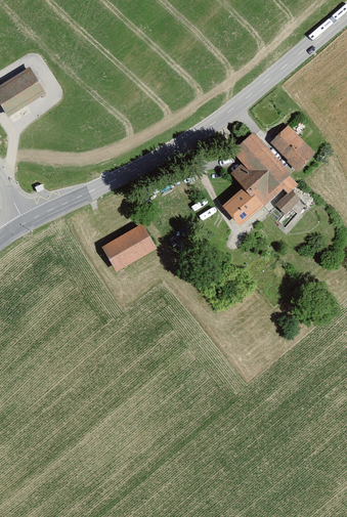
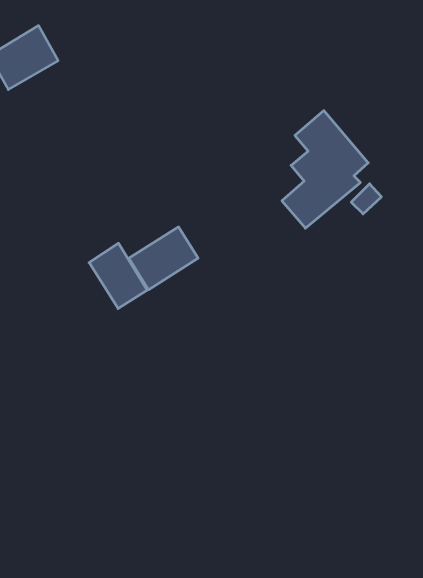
building: [270,125,314,170] -> none
building: none -> [89,243,147,309]

